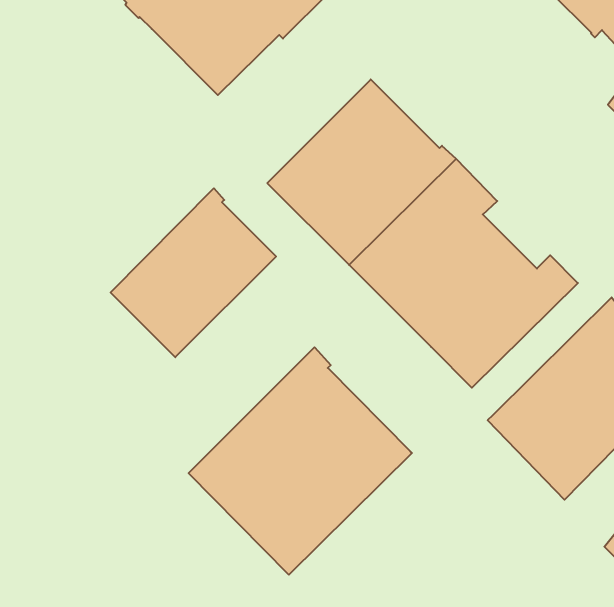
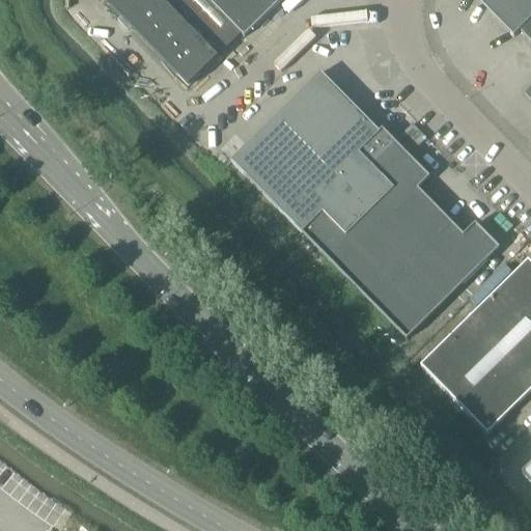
building: [111,188,276,357] -> none
building: [189,347,412,575] -> none

